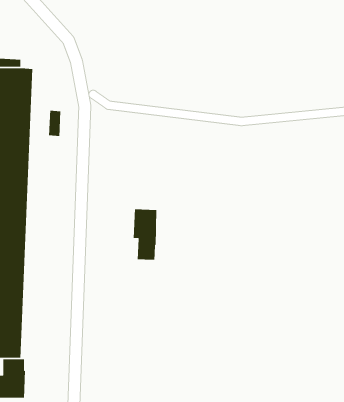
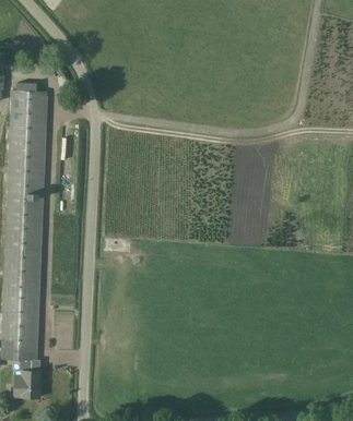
building: [133,208,157,260] -> none

